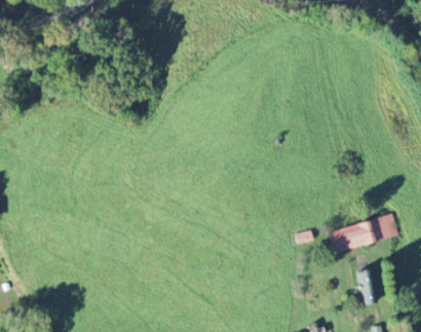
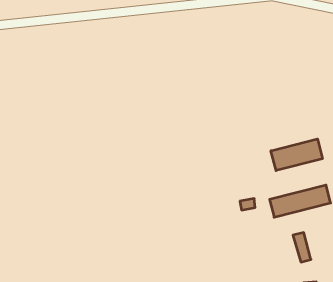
building: none -> [271,139,322,171]

